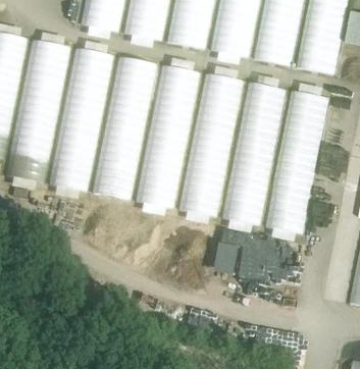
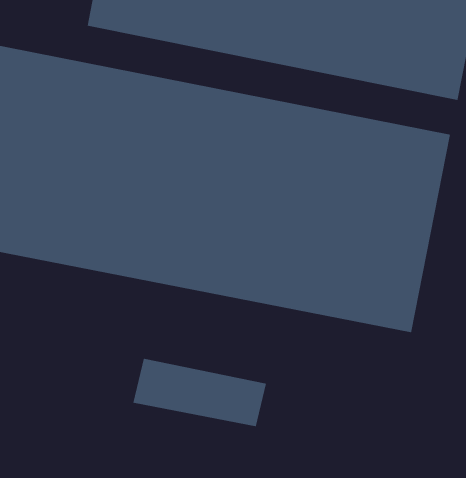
building: [212,234,304,281] -> [133,358,267,427]

